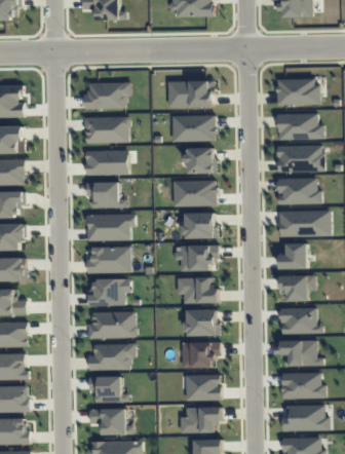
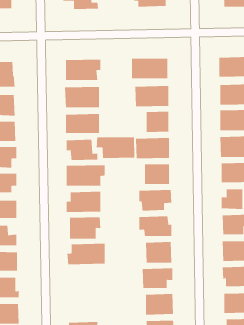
building: none -> [96,137,135,159]
building: [88,344,136,371] -> none
building: [88,376,129,402] -> none

